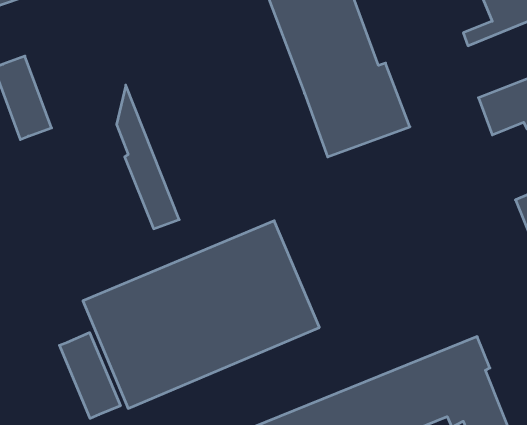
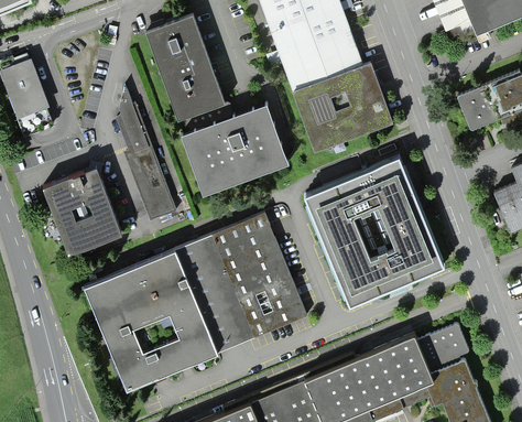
building: none -> [144,13,287,191]
building: none -> [305,158,445,306]
building: none -> [42,170,120,253]
building: [59,333,120,418] -> none

